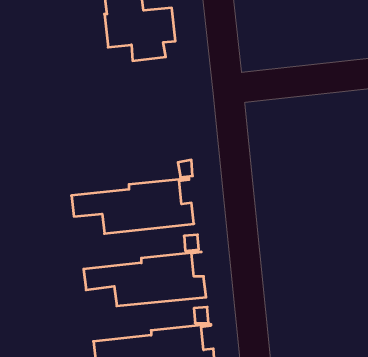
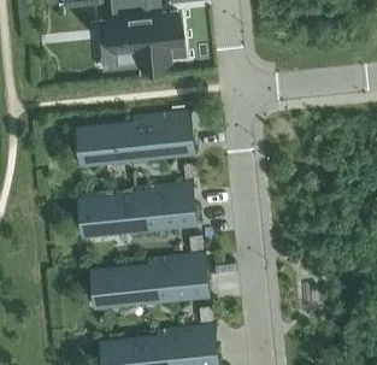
building: none -> [75,111,194,165]

